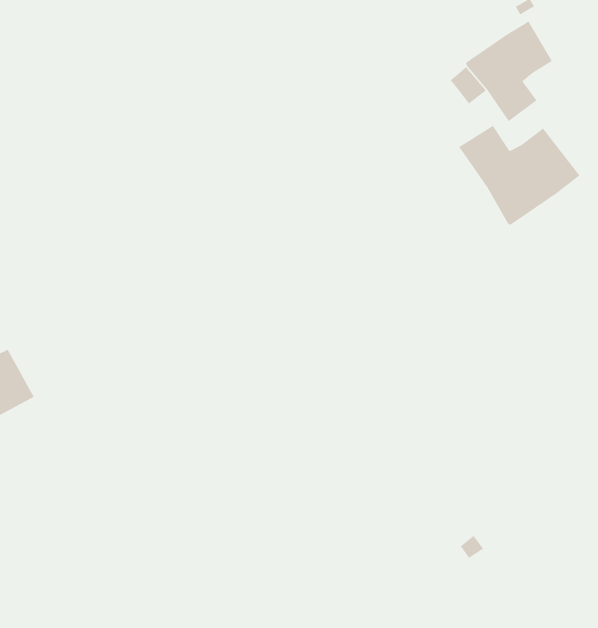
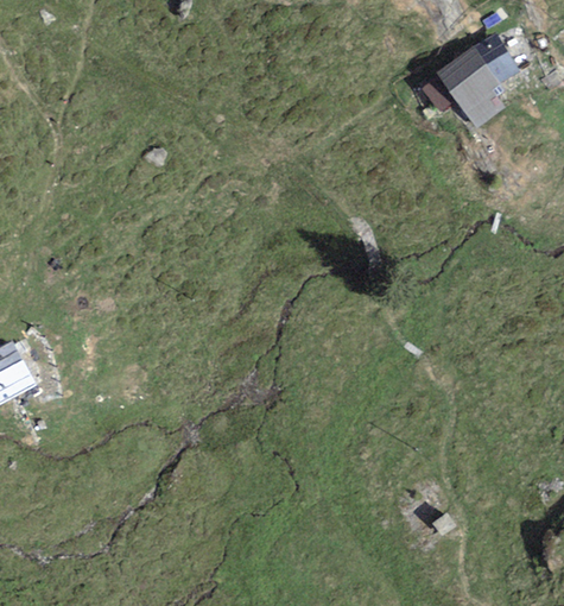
building: [458,125,581,226] -> none

